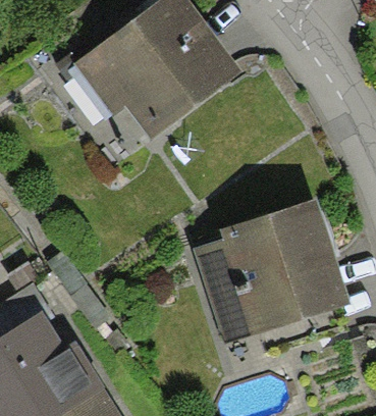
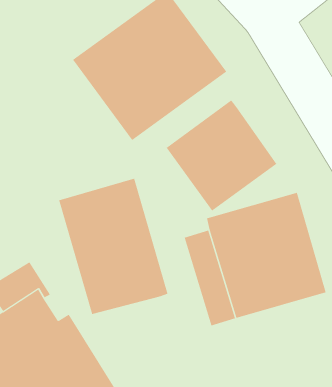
building: none -> [166,100,277,212]
building: none -> [59,178,168,315]

